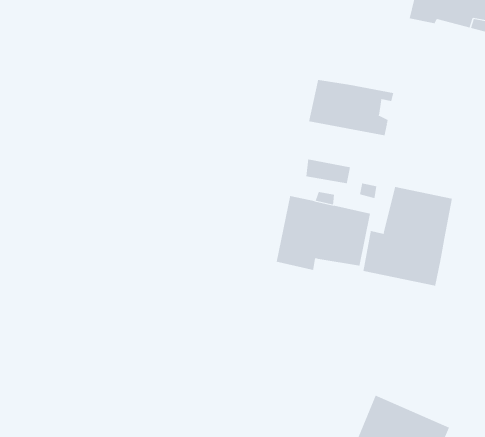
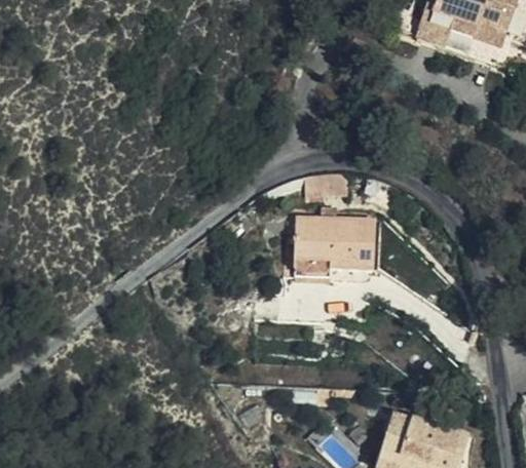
building: [308,79,394,136] -> none
building: [363,186,452,286] -> none

